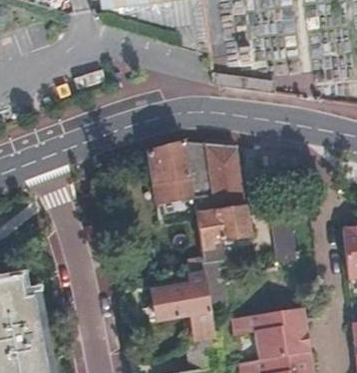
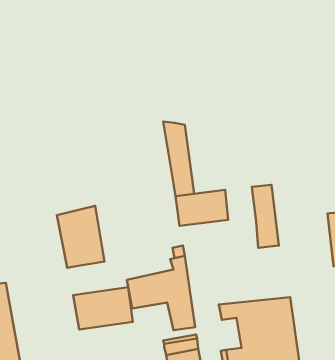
building: [145,139,192,200] -> [57,206,104,268]
building: [204,142,243,210] -> none
building: none -> [73,287,133,330]

